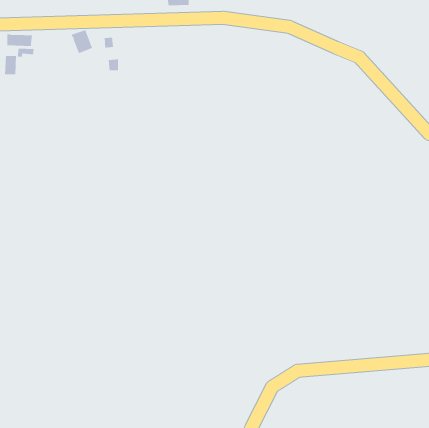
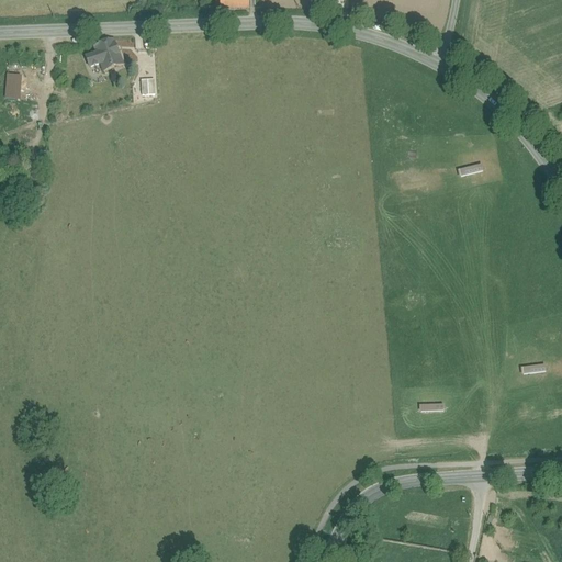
building: [7,33,32,47] -> none

